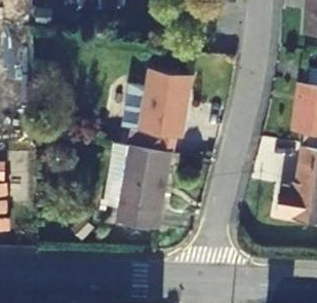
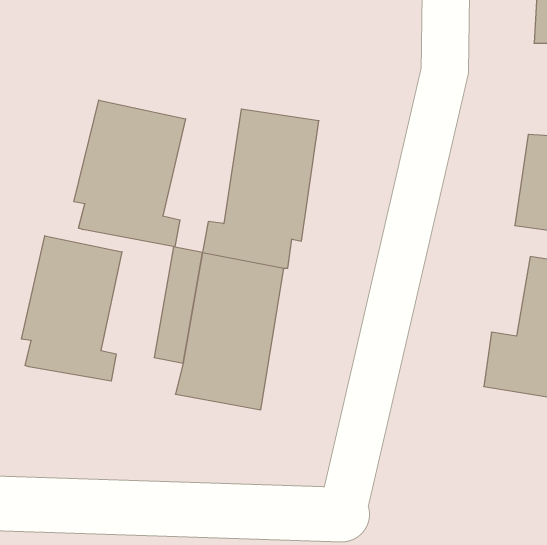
building: none -> [74,100,185,247]
building: none -> [21,236,122,381]

